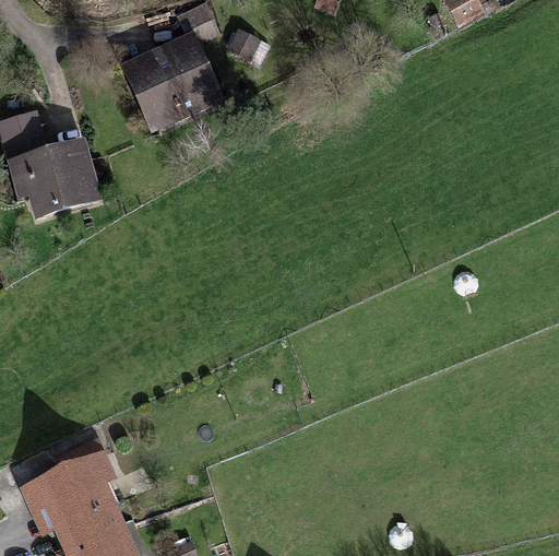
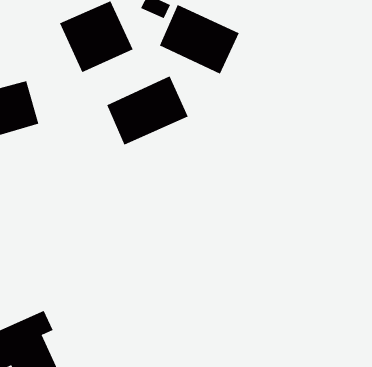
building: none -> [159,4,239,74]
building: none -> [106,76,188,145]

